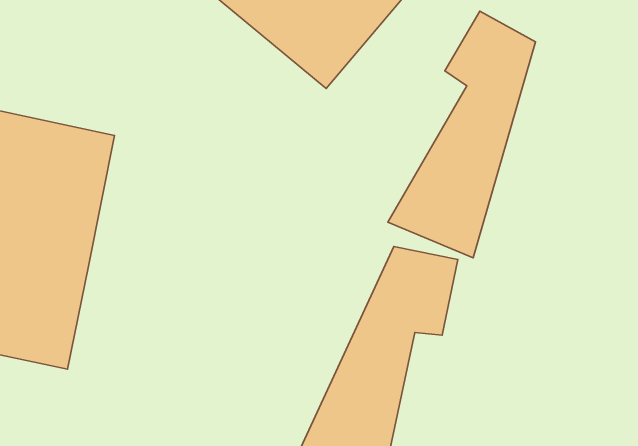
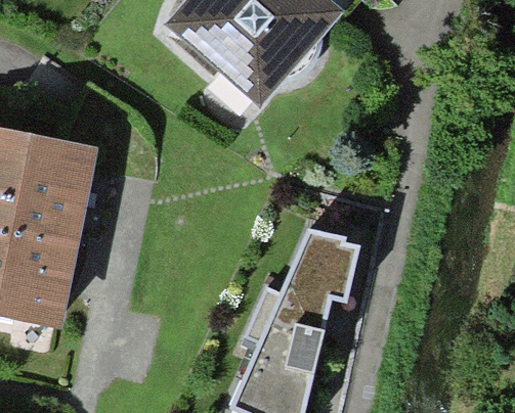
building: [388,11,535,258] -> none

